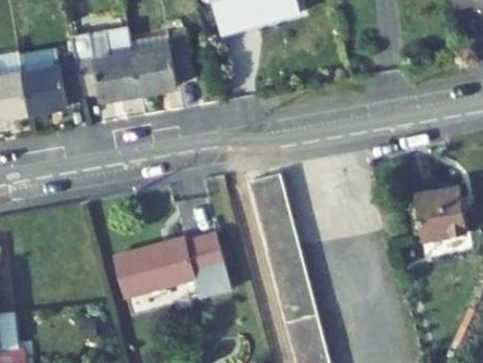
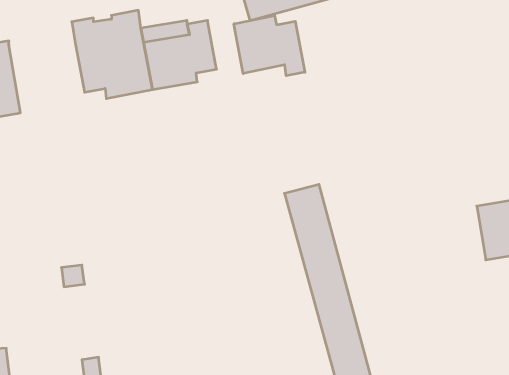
building: none -> [234,15,305,76]
building: [16,50,80,114] -> none
building: [114,235,229,300] -> none

